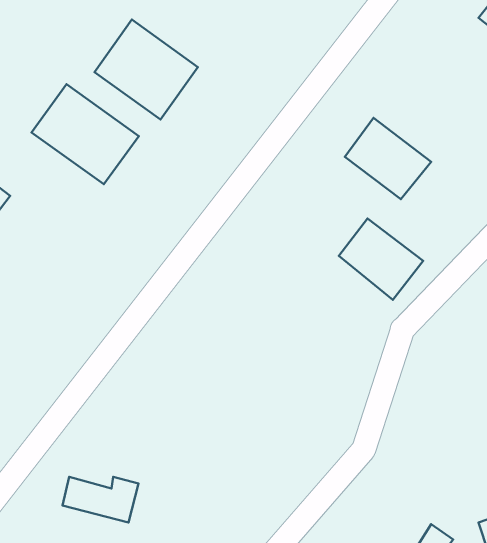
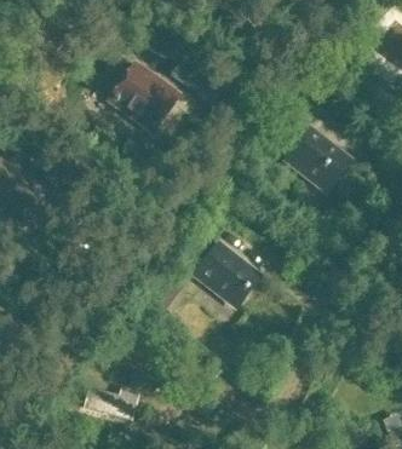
building: [32,84,139,184] -> none
building: [339,218,423,300] -> [200,247,260,305]

